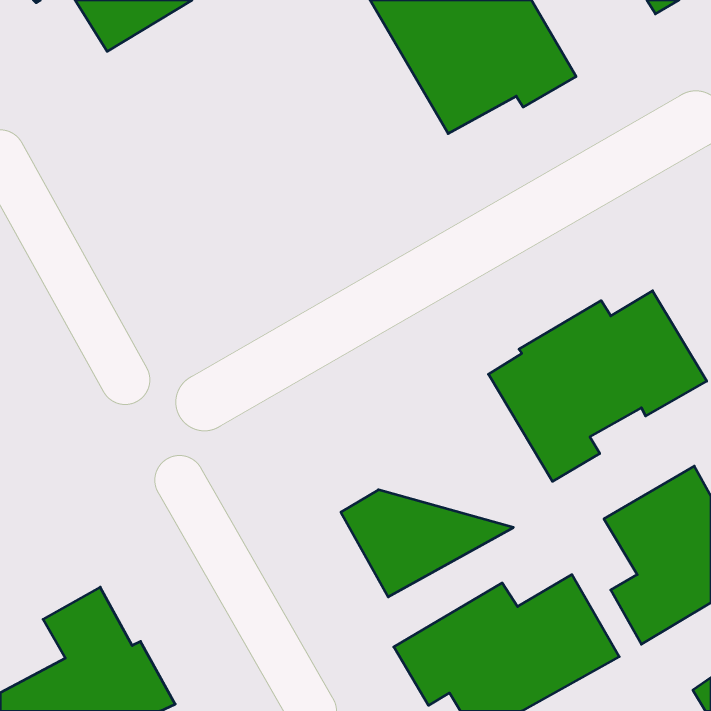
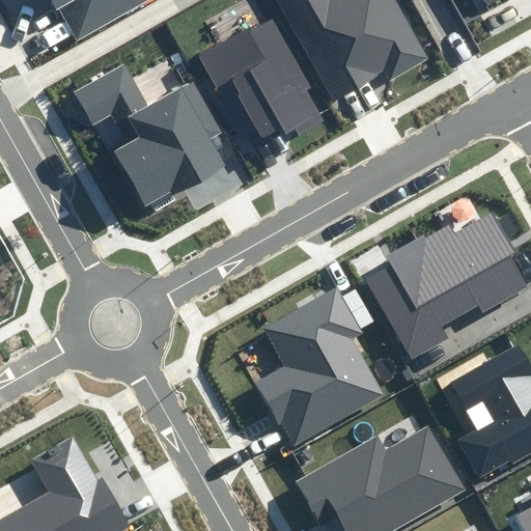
building: none -> [198,18,336,141]
building: none -> [77,64,222,209]
building: none -> [261,287,383,393]

